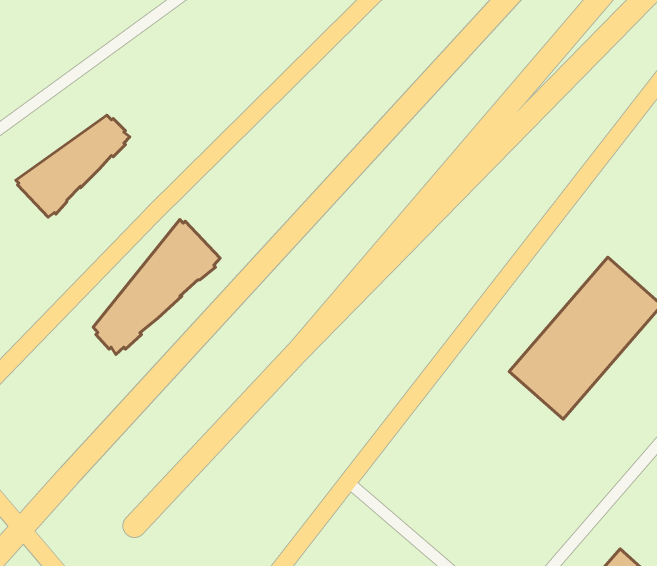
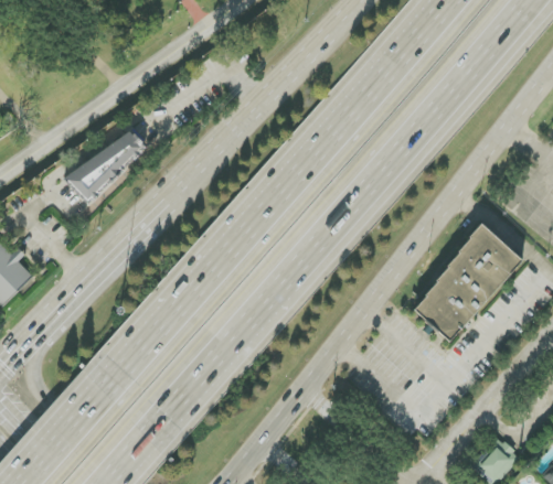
building: [93,219,220,355] -> none

